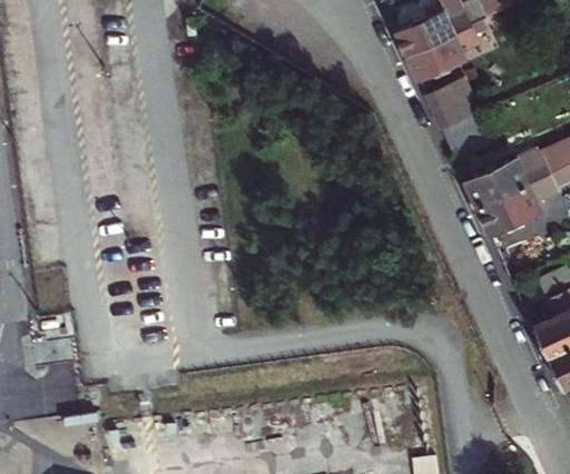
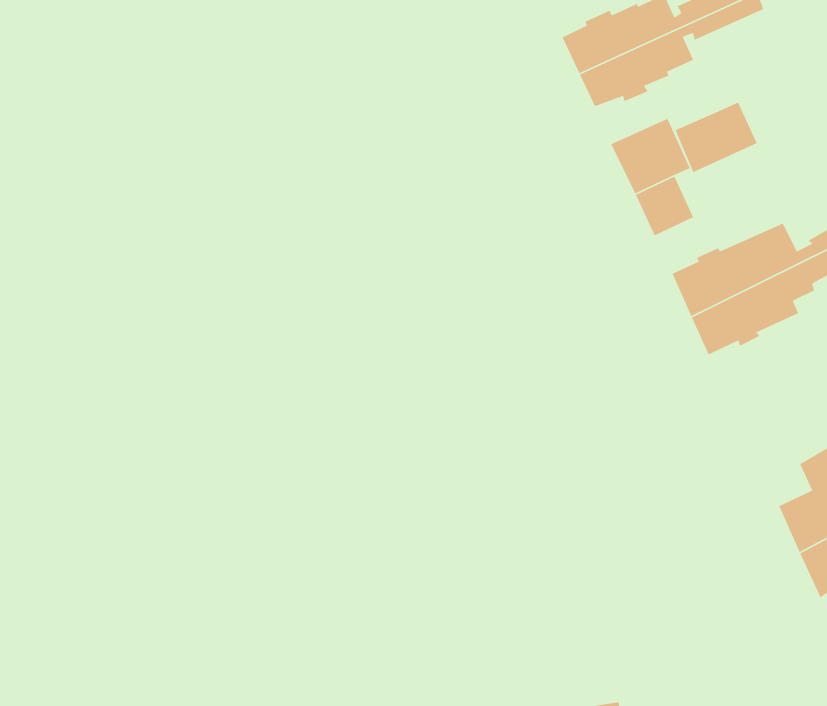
building: none -> [675,101,758,173]

